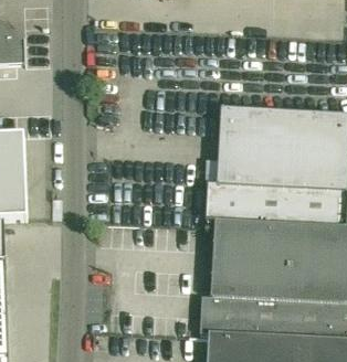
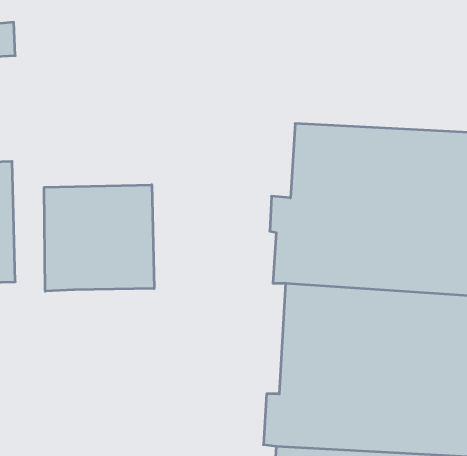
building: none -> [44,185,154,291]

